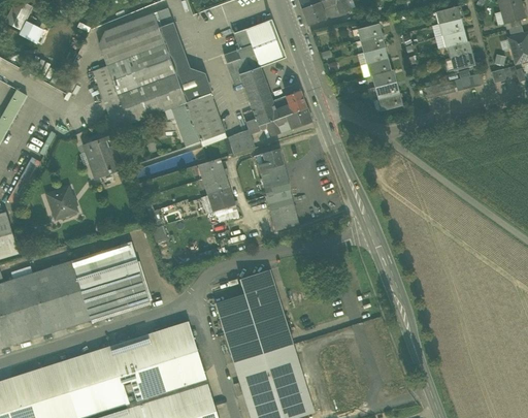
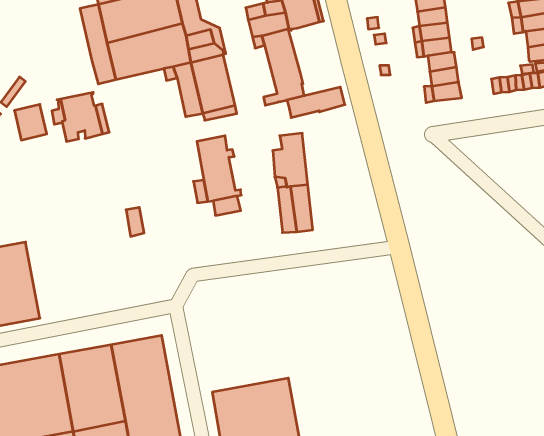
building: [273,90,306,118] -> none
building: [229,123,267,153] -> none
building: [48,187,76,217] -> [14,104,47,140]
building: [72,240,151,319] -> none
building: [216,268,293,361] -> none

